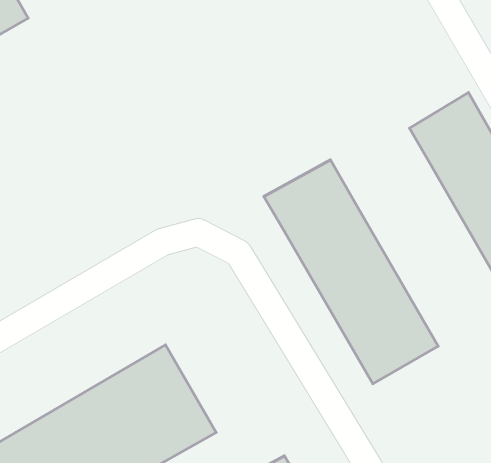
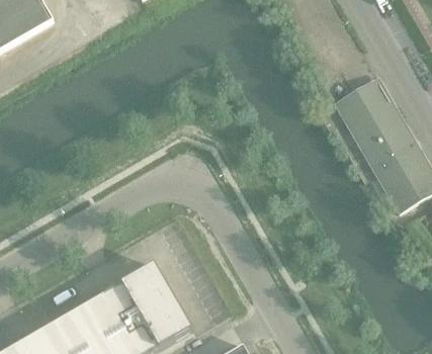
building: [264,160,438,384] -> none

